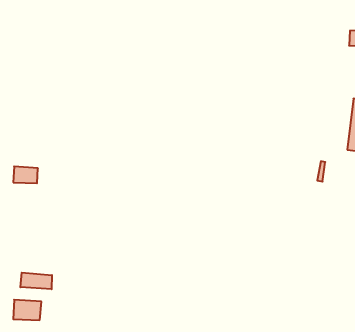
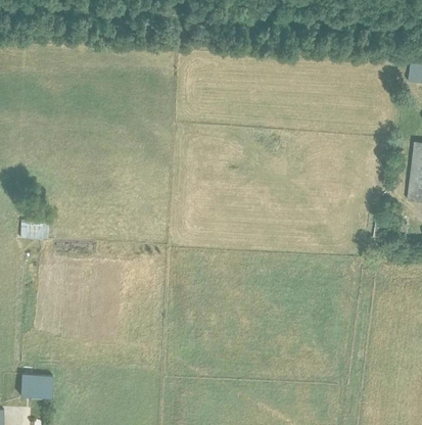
building: [20,273,52,289] -> none

